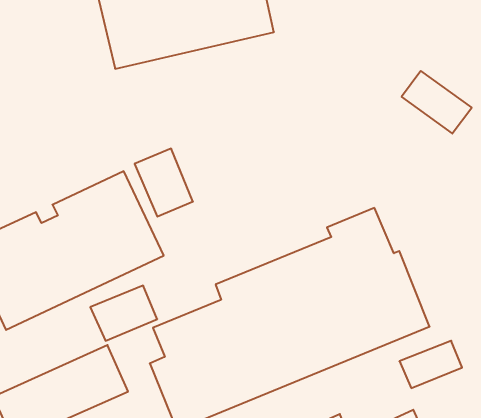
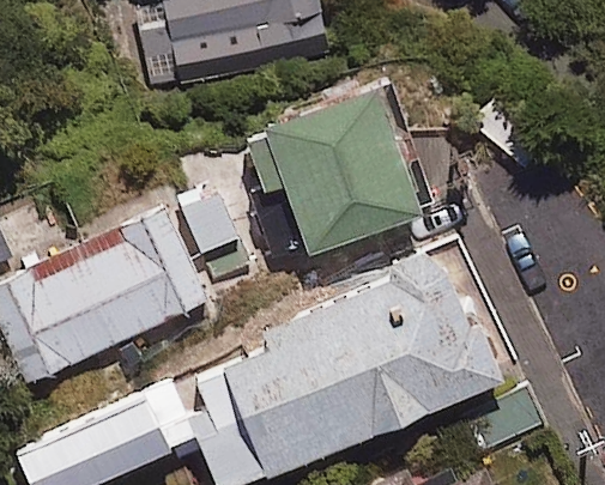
building: none -> [247,85,421,255]

